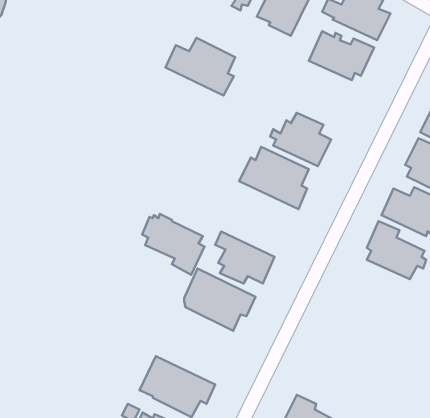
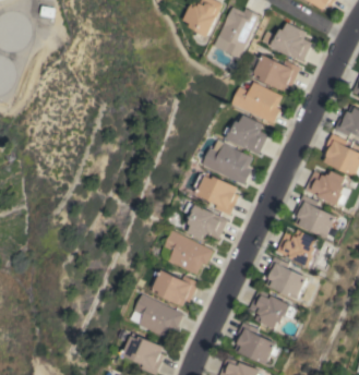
building: [165,38,235,96] -> [230,82,282,124]
building: [142,214,204,275] -> [193,172,239,217]
building: none -> [276,230,320,268]
building: none -> [265,257,308,301]
building: none -> [149,270,199,307]
building: none -> [249,290,294,329]

